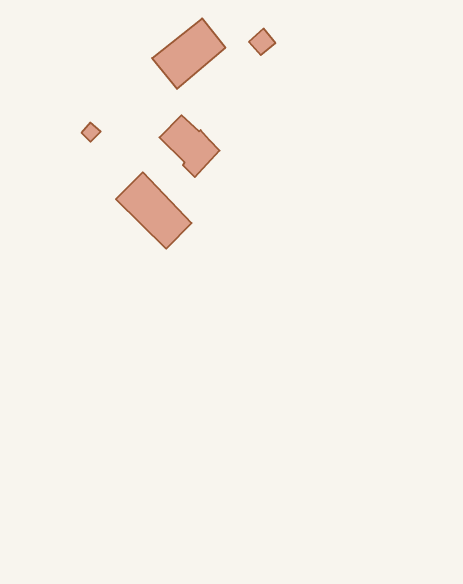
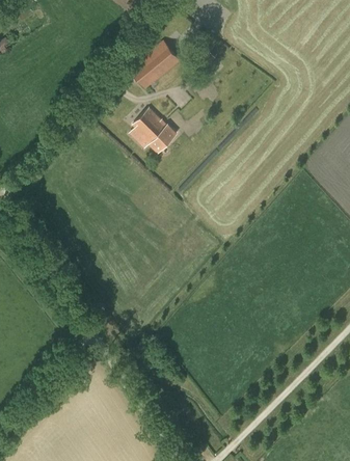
building: [116,172,192,249] -> none

